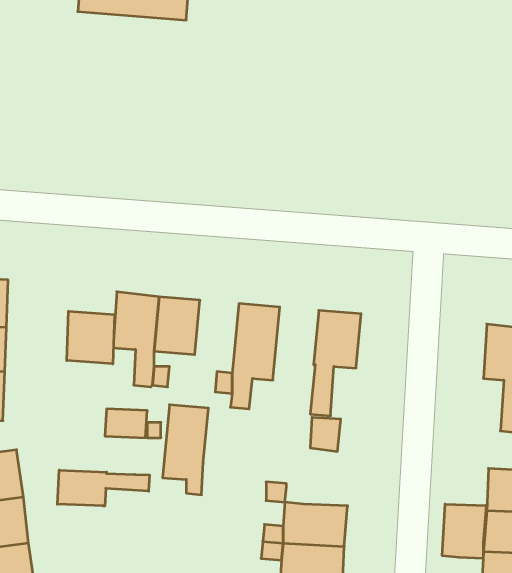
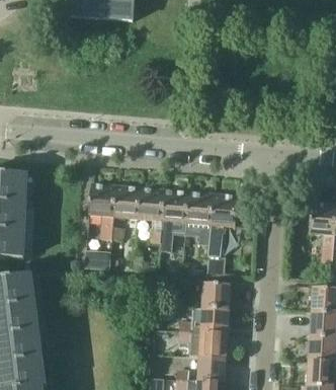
building: none -> [138,187,164,221]
building: [67,311,114,364] -> none
building: [163,405,208,495] -> [184,191,212,245]
building: none -> [202,284,230,310]
building: [57,470,149,506] -> none
building: [442,504,486,559] -> none

